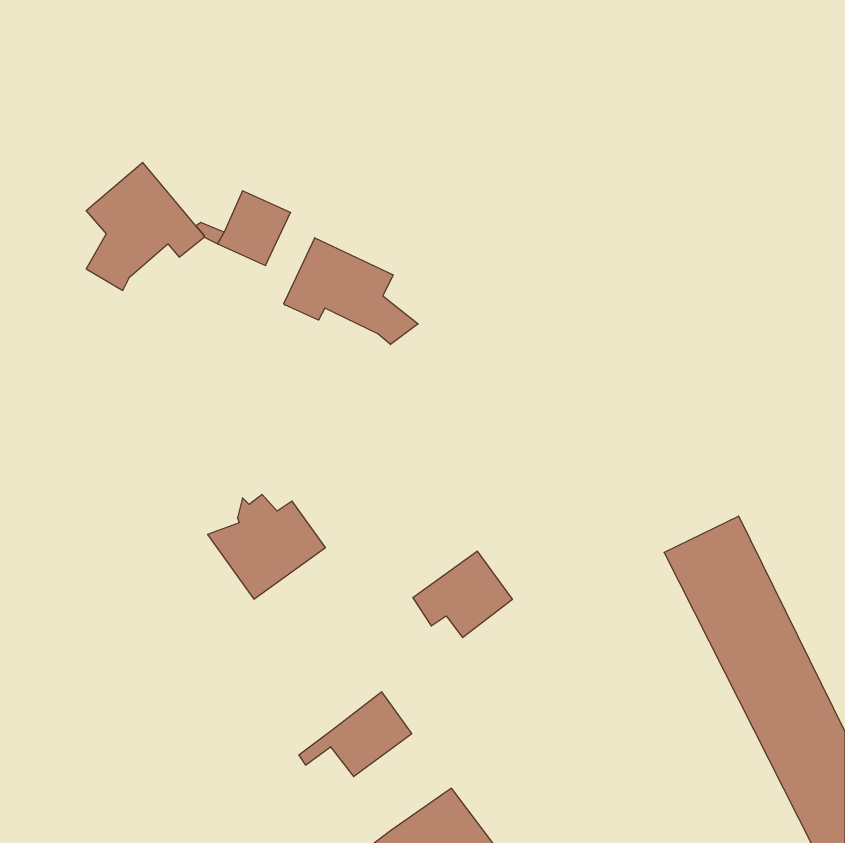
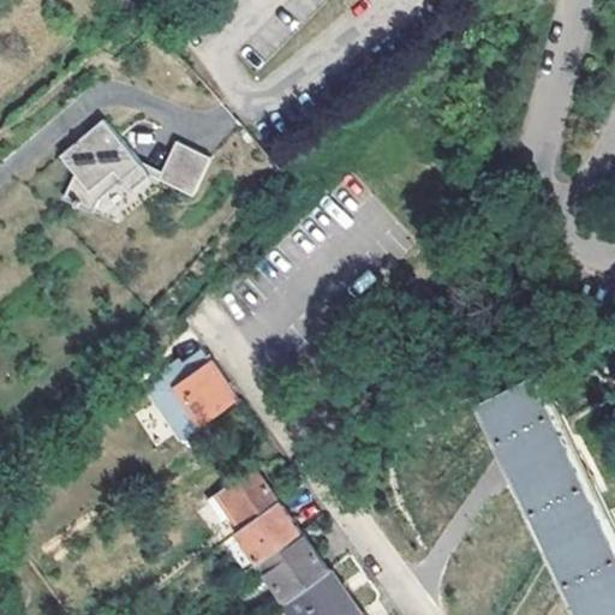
building: [284,238,418,345] -> none
building: [413,551,512,637] -> [204,470,276,532]
building: none -> [250,535,327,604]

